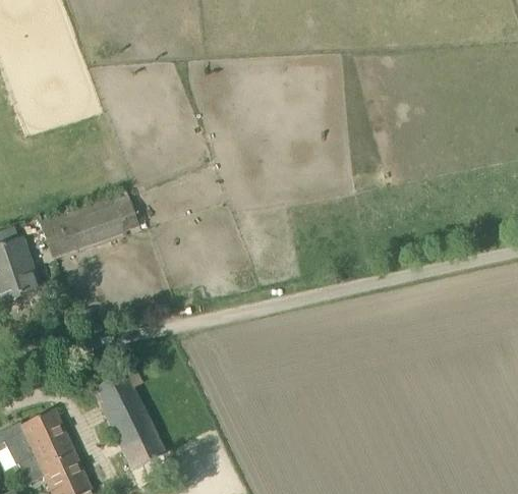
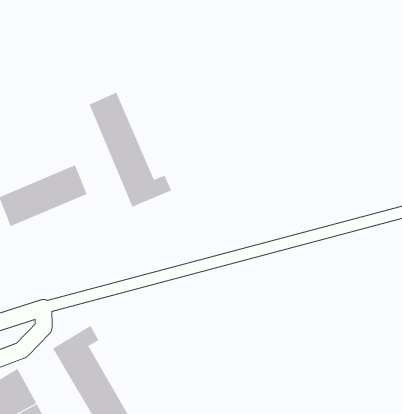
building: none -> [89,92,172,207]

